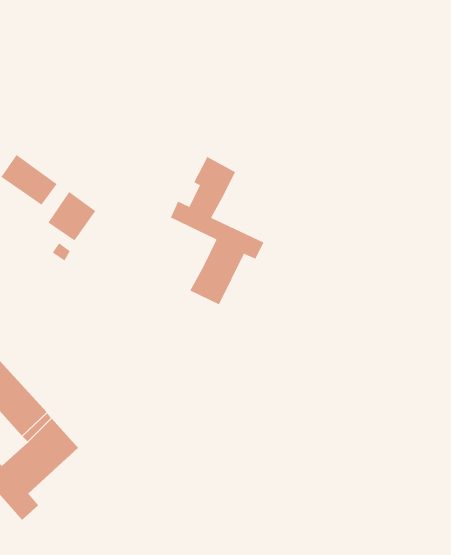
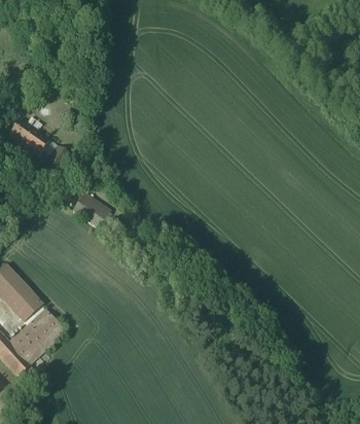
building: [170,156,264,305] -> none
building: none -> [72,195,108,226]

